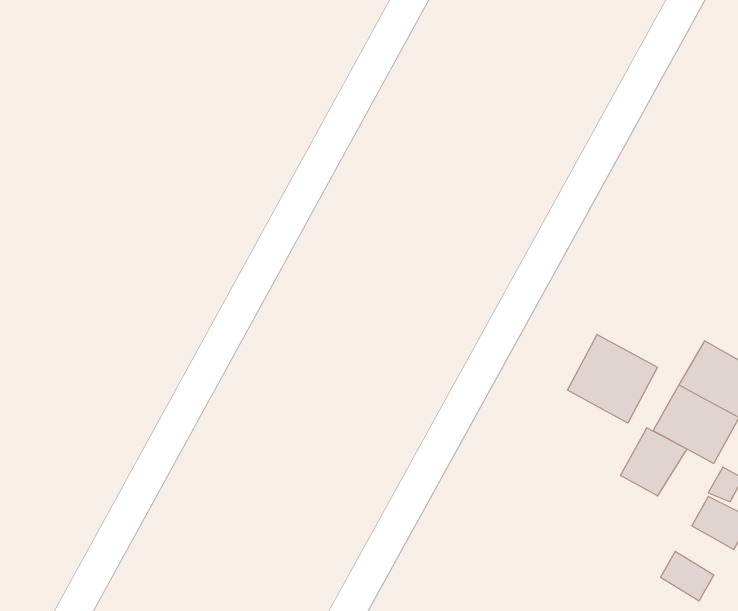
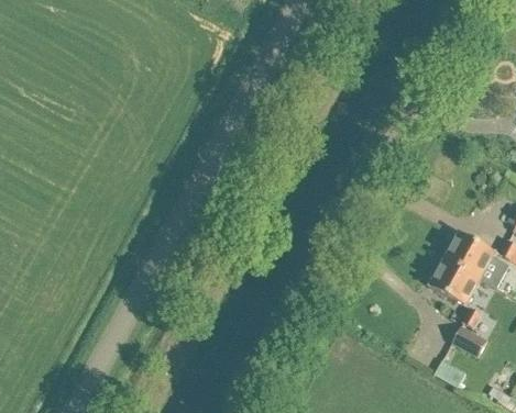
building: [568,334,657,423] -> none
building: [621,428,687,496] -> none

